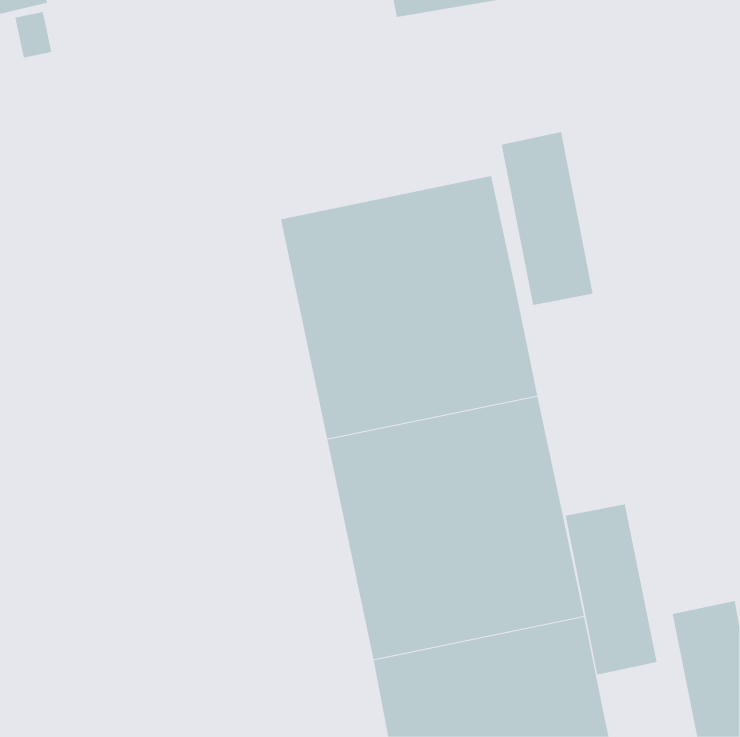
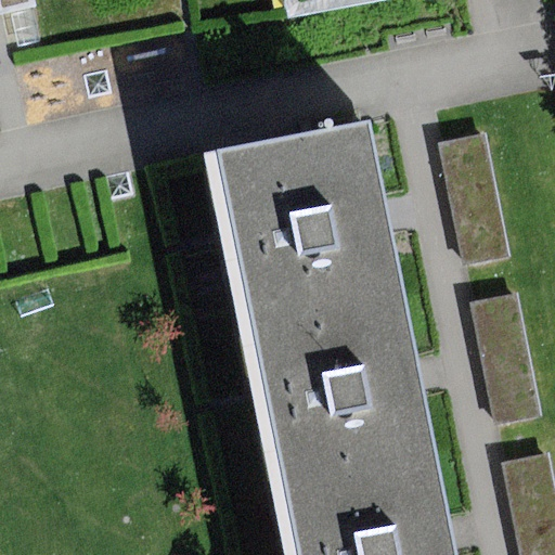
building: [501,131,594,305] -> [440,131,509,261]
building: [565,504,658,675] -> [470,294,540,422]

